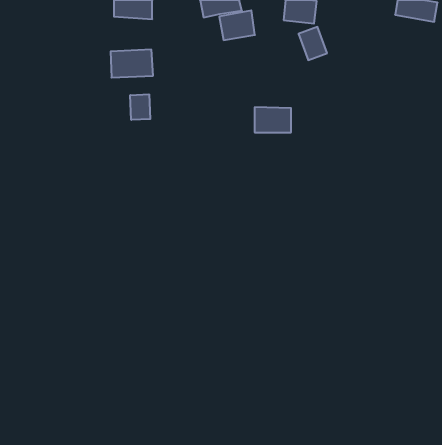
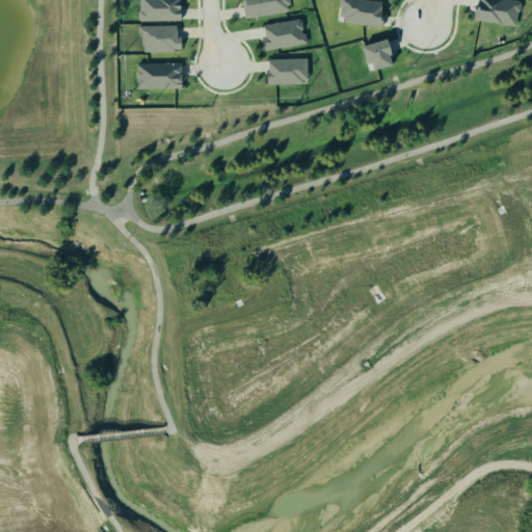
building: none -> [143,22,178,51]
building: [130,94,150,120] -> none
building: [255,107,291,132] -> [264,57,308,87]

